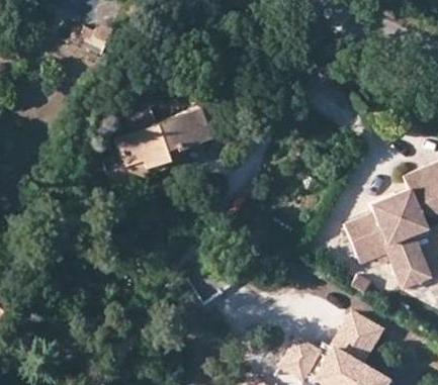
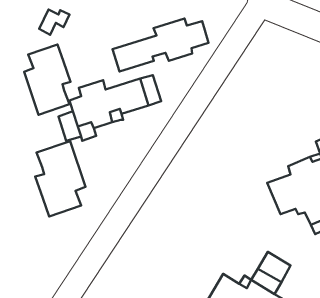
building: none -> [113,18,209,72]
building: none -> [24,44,71,115]
building: none -> [35,141,86,216]

